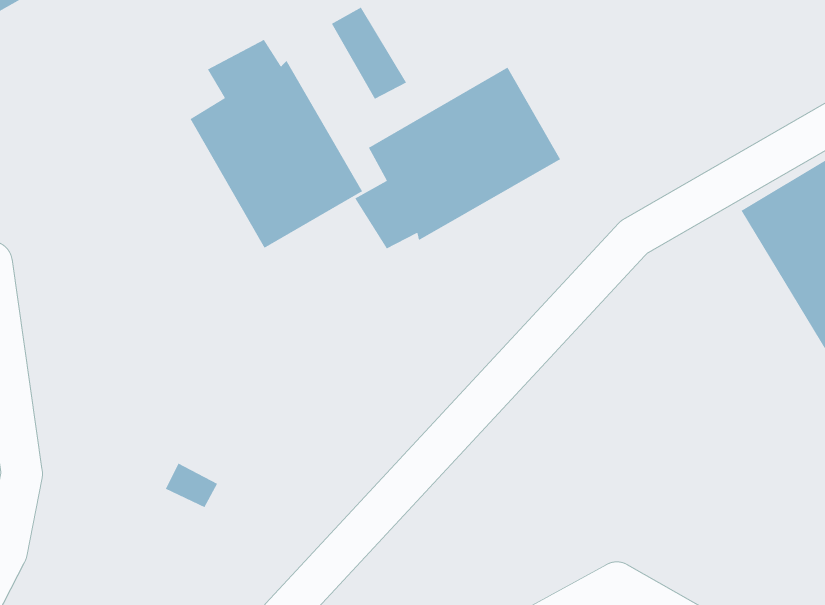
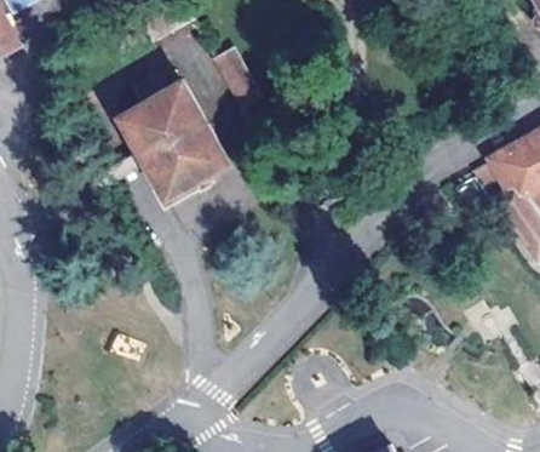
building: [354,66,561,250] -> none

